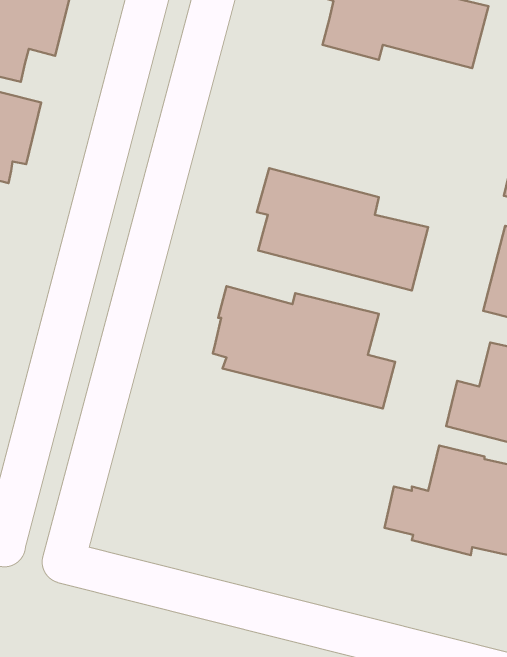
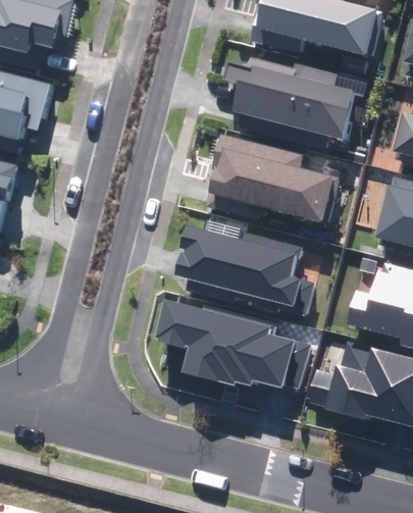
building: none -> [223,60,358,141]
building: none -> [159,300,310,389]

